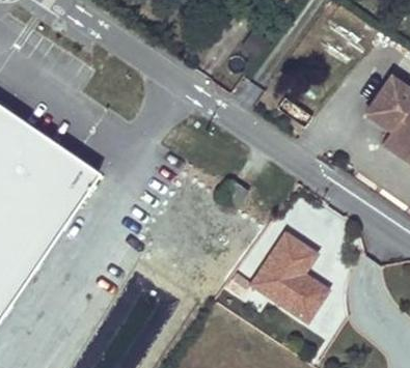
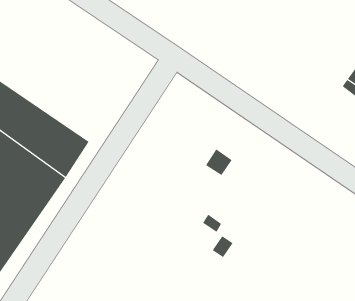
building: [251,230,327,318] -> none

